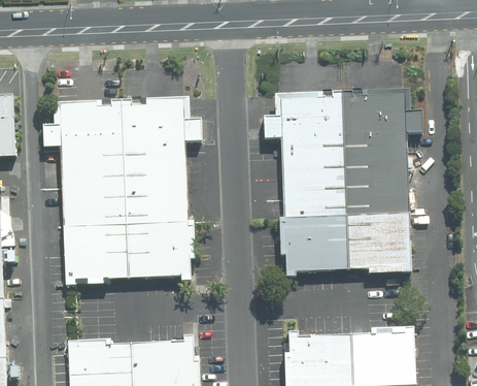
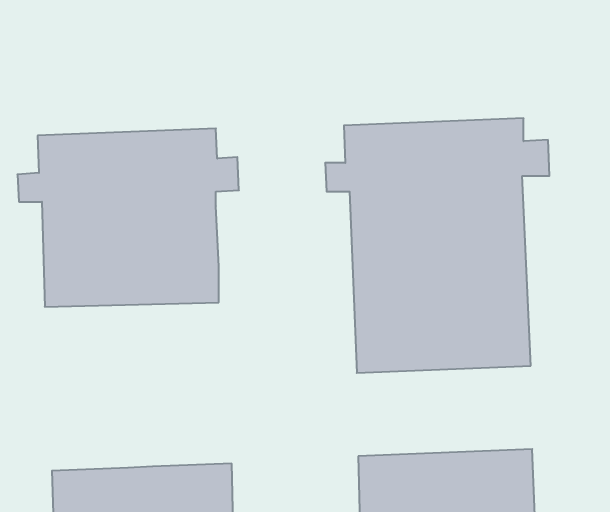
building: [63,224,190,288] -> none

